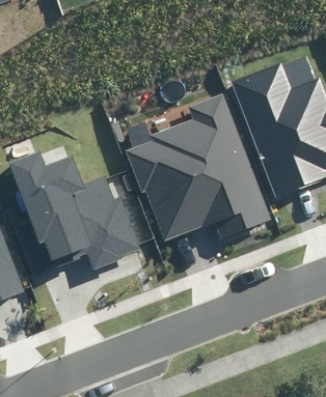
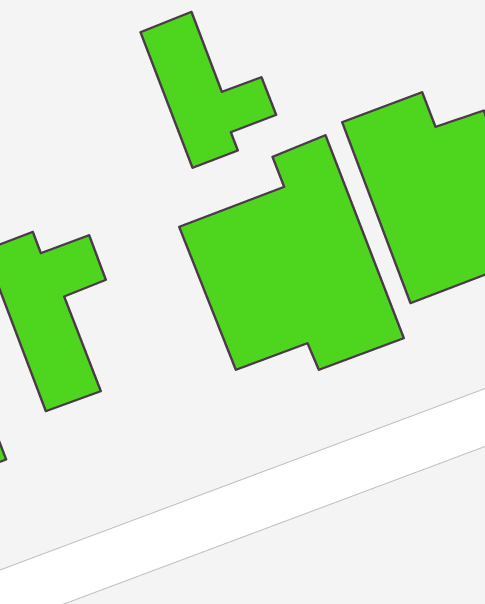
building: none -> [140,12,276,168]
building: [59,173,137,268] -> none

